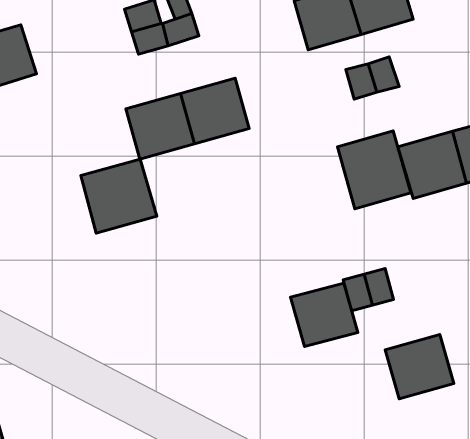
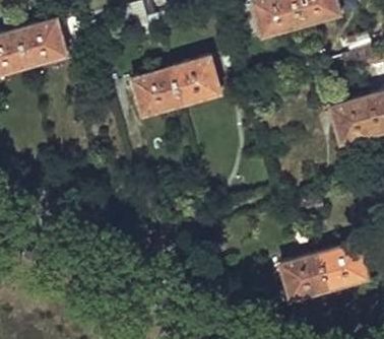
building: [337,131,411,209] -> none
building: [81,159,157,233] -> none
building: [290,283,358,346] -> [280,255,329,300]

